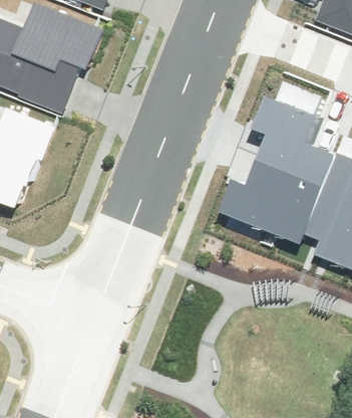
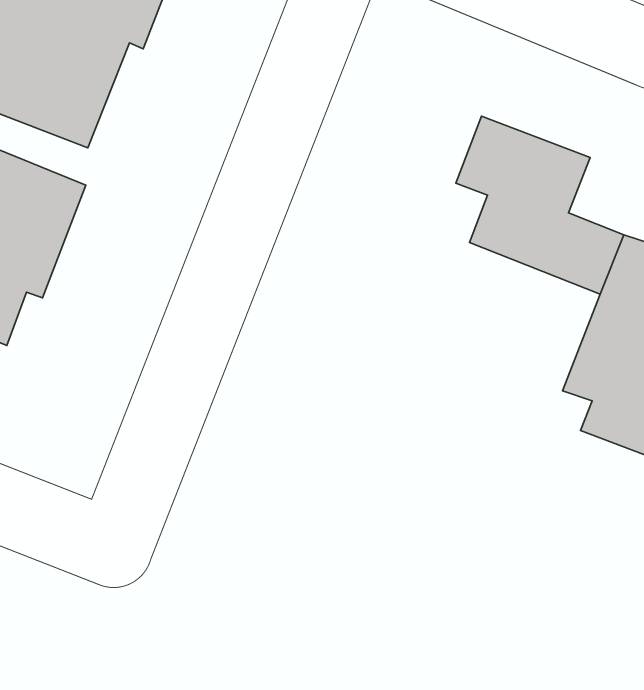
building: [214,161,320,247] -> none

